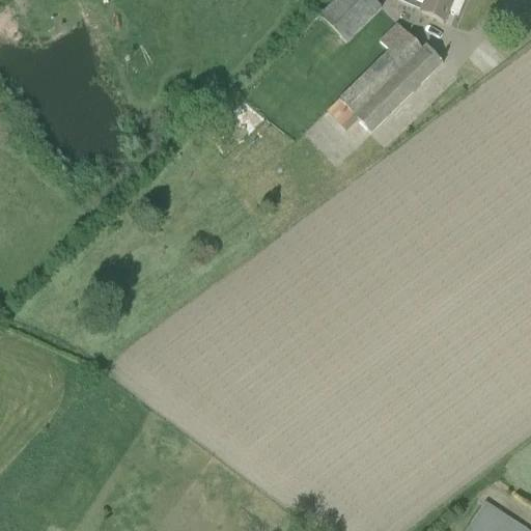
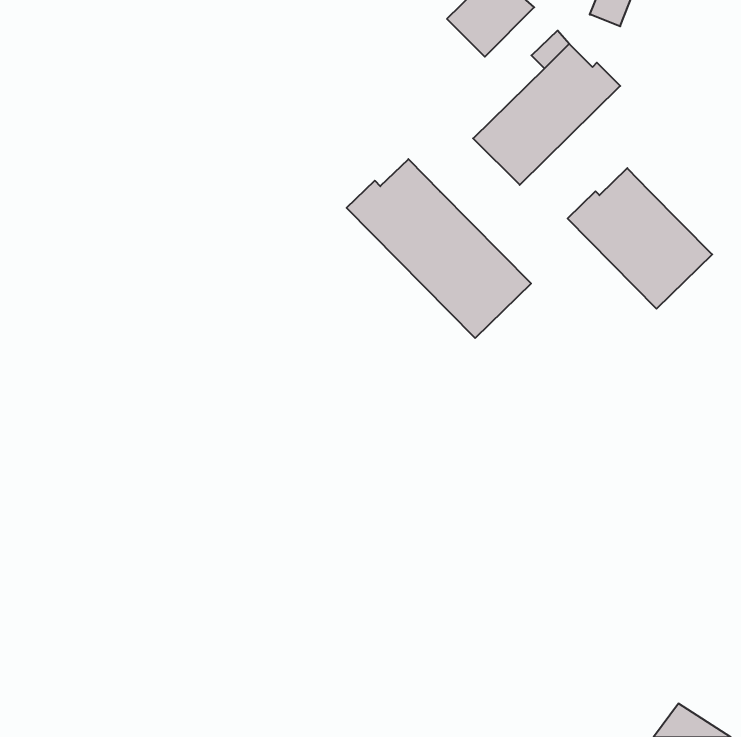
building: none -> [347,159,531,338]
building: none -> [568,168,712,309]

